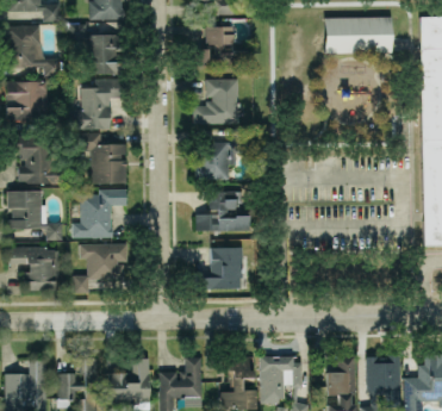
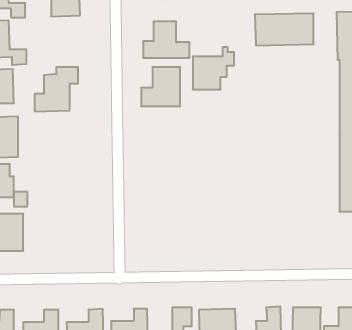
building: [70,24,119,74] -> none
building: [198,131,245,180] -> [193,47,234,89]
building: [75,133,126,183] -> none
building: [73,188,126,237] -> none
building: [195,191,249,231] -> none
building: [73,243,127,293] -> none
building: [200,247,242,289] -> none

